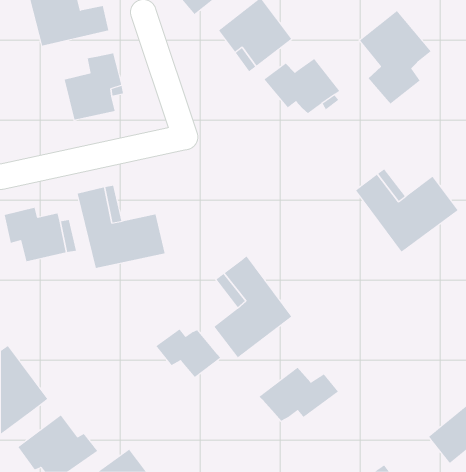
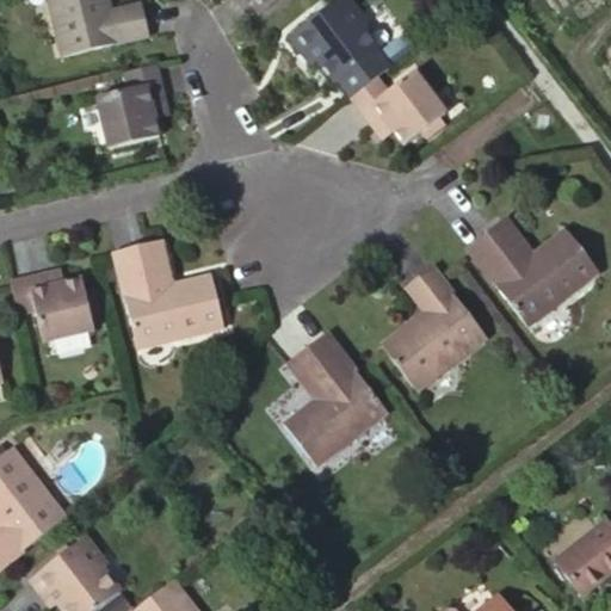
building: [359,10,431,104] -> none
building: none -> [378,263,487,389]
building: [155,328,221,378] -> none
building: [259,367,339,422] -> none

